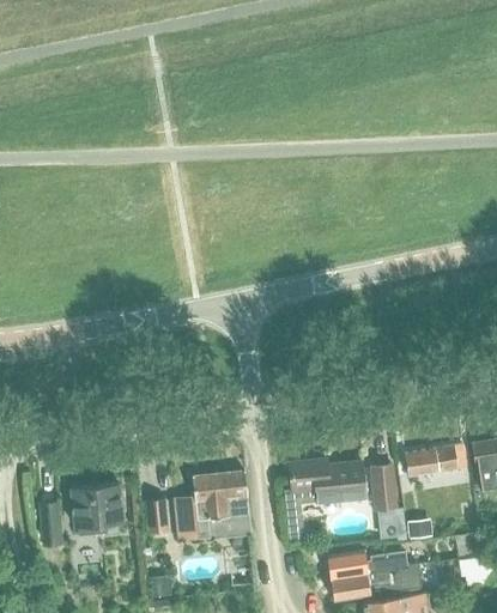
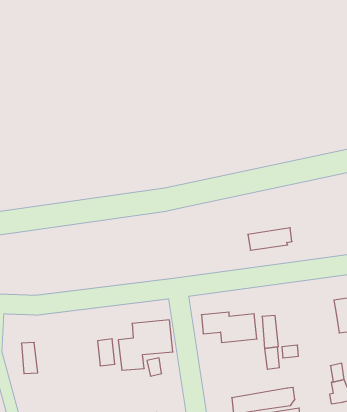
building: [404,445,465,477] -> [248,228,292,250]
building: [71,484,122,528] -> none
building: [327,551,407,579] -> none

